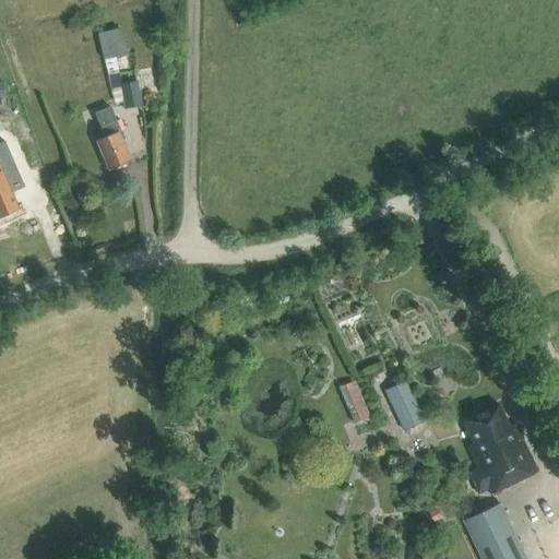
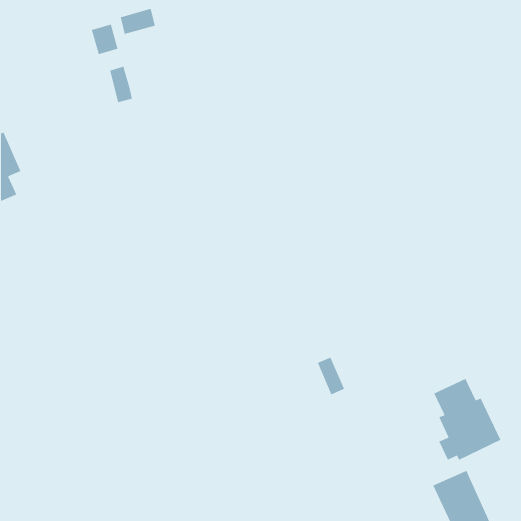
building: none -> [120,8,156,35]
building: [95,108,131,170] -> none
building: [385,383,426,433] -> none

